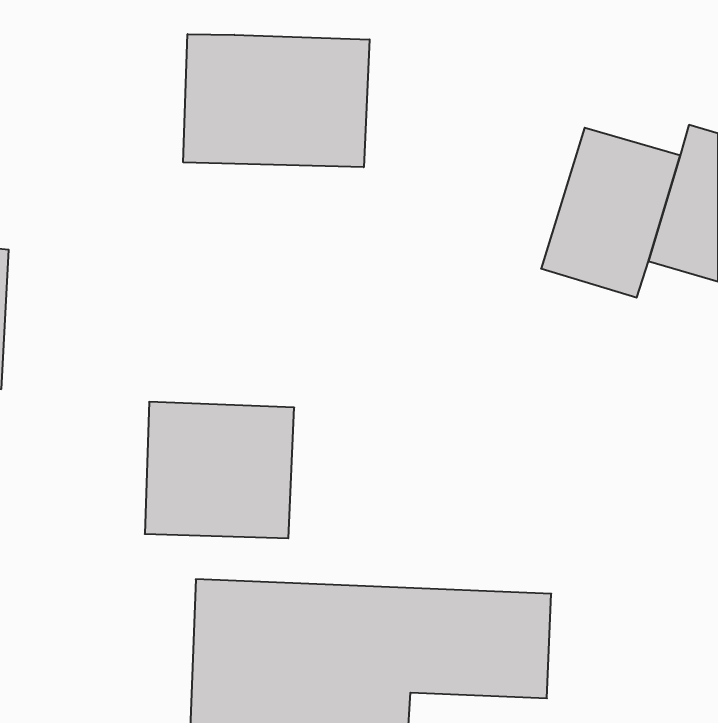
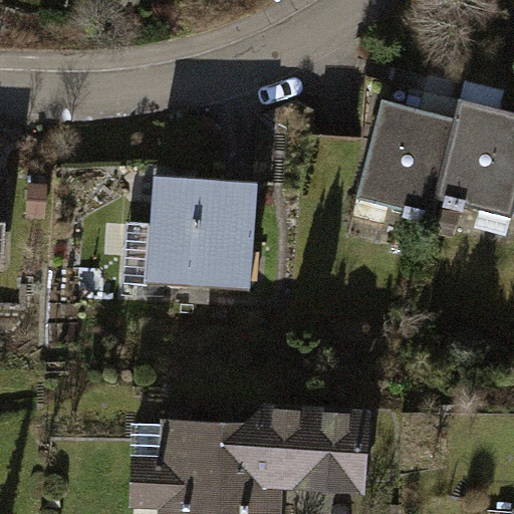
building: [183,34,370,167] -> none
building: [145,402,294,538] -> [153,190,256,284]

